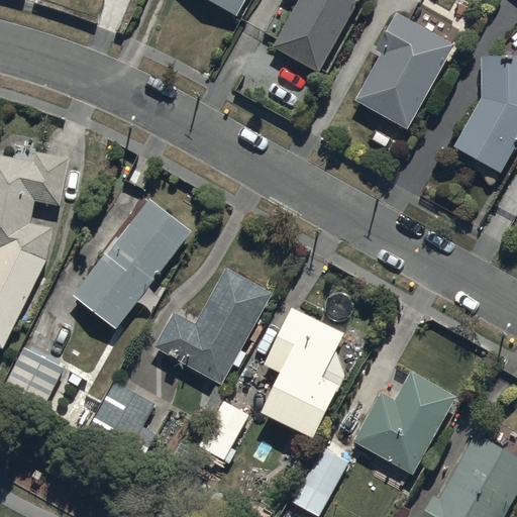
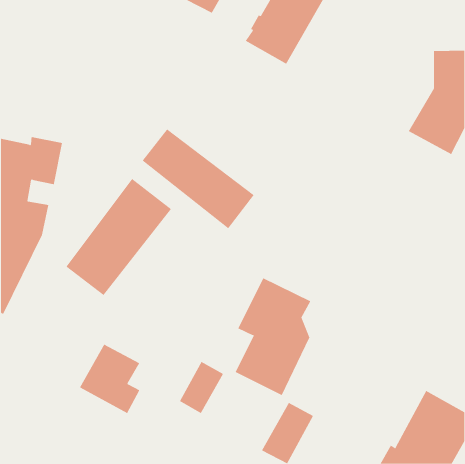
building: [353,12,454,129] -> none
building: none -> [142,128,255,229]
building: [153,267,273,385] -> none
building: [7,348,65,404] -> none
building: [352,371,456,475] -> none

